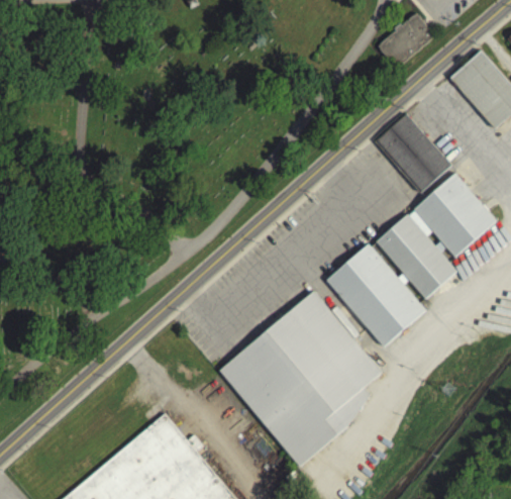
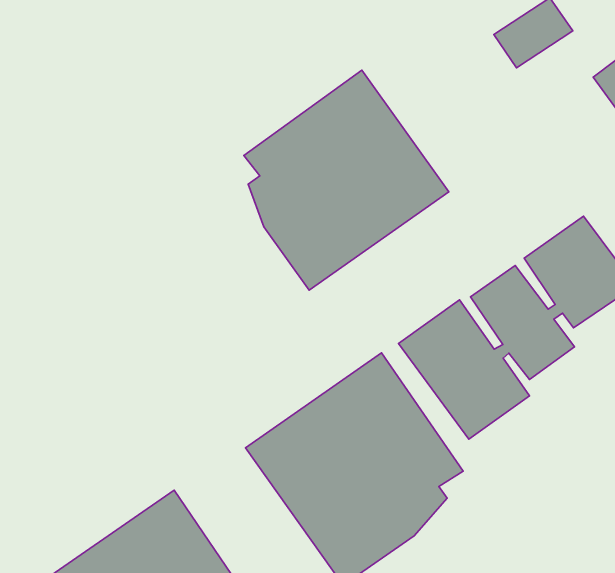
building: none -> [244,70,449,290]
building: [374,115,450,195] -> none

